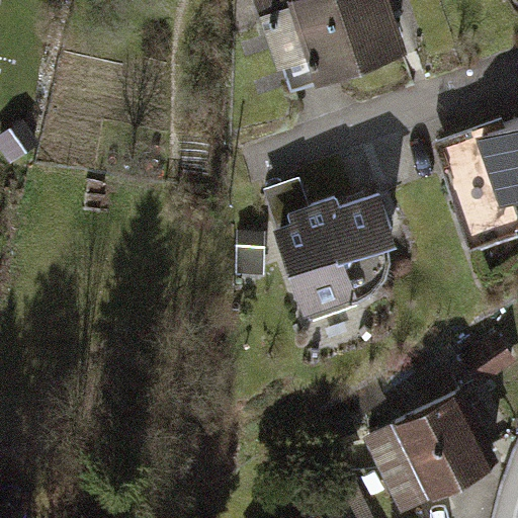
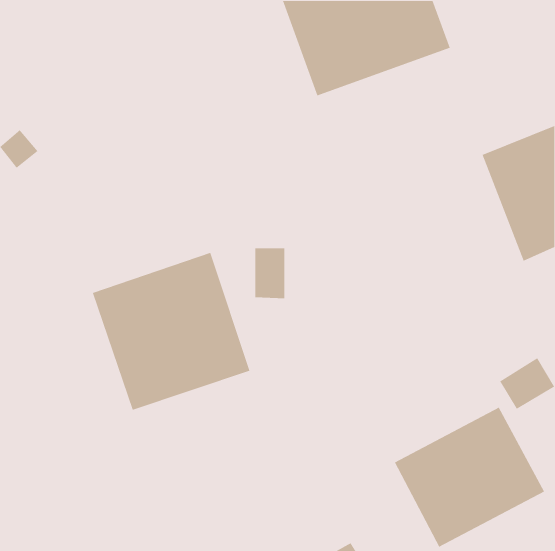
building: [264,183,399,317] -> none
building: none -> [92,252,251,411]

